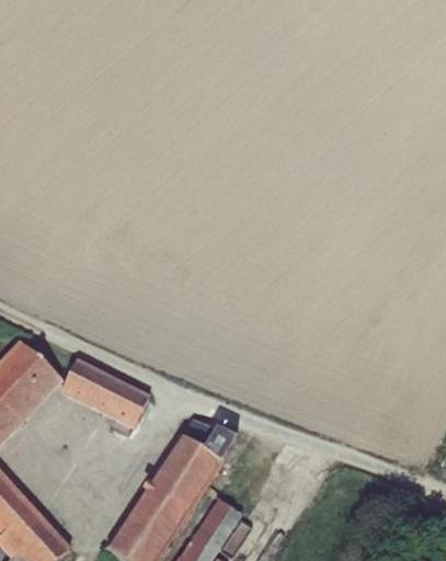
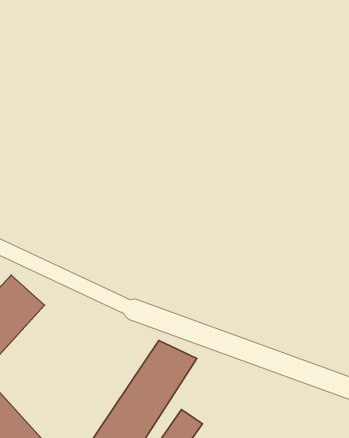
building: [60,360,150,430] -> none

